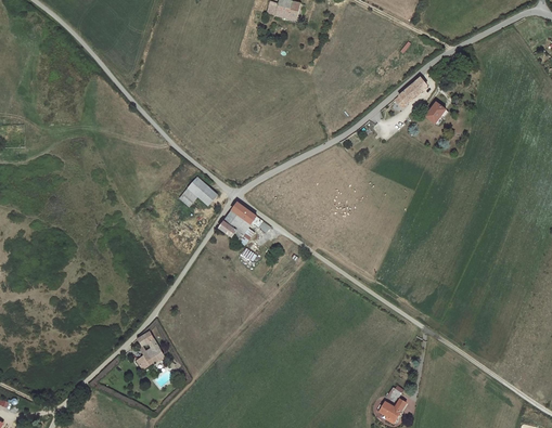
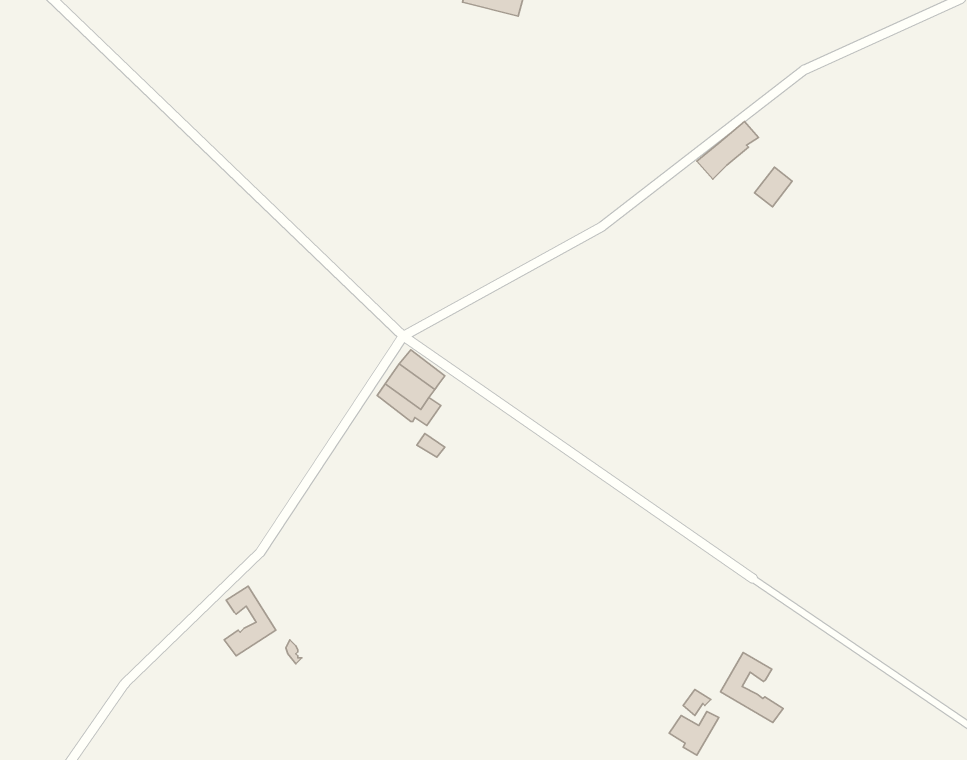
building: [178,177,217,207] -> none
building: none -> [721,652,783,723]

